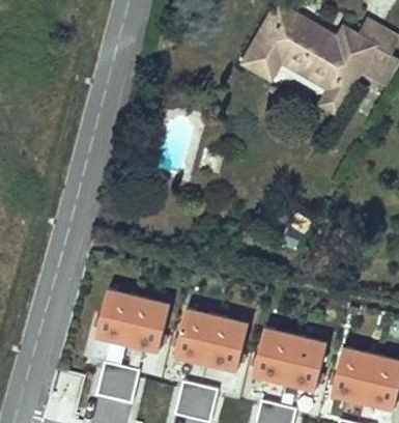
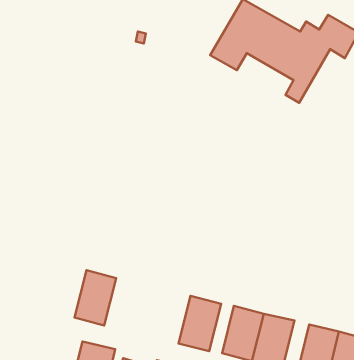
building: [127,298,171,355] -> none
building: [174,309,218,366] -> none

